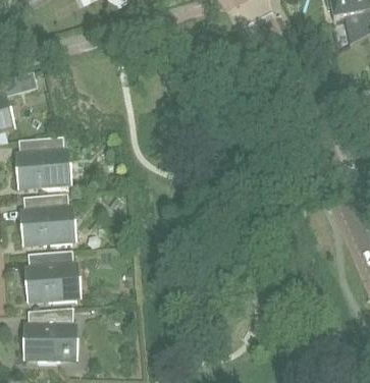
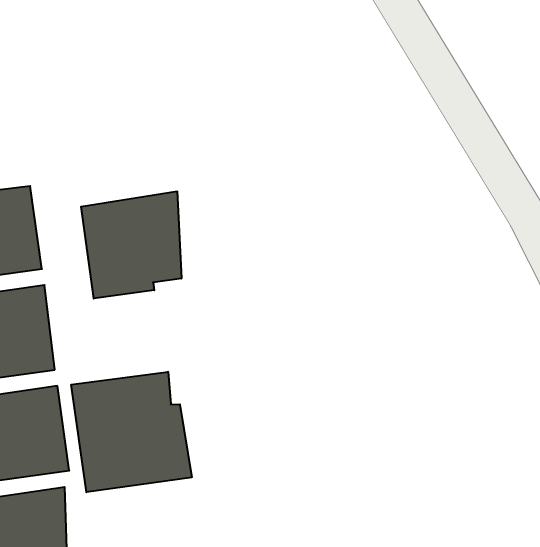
building: none -> [81,191,181,299]
building: none -> [71,372,192,492]

